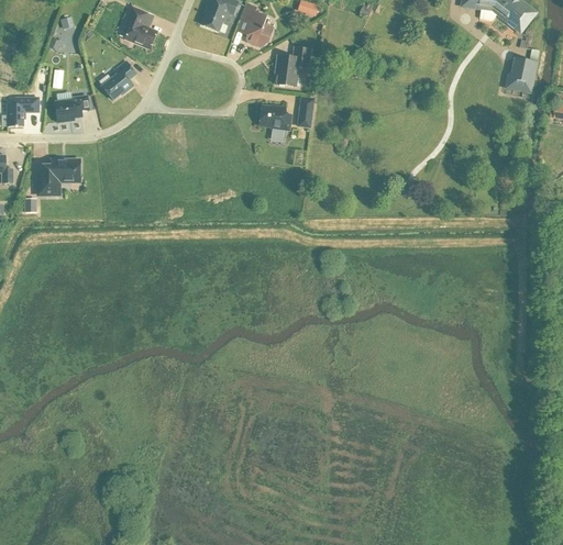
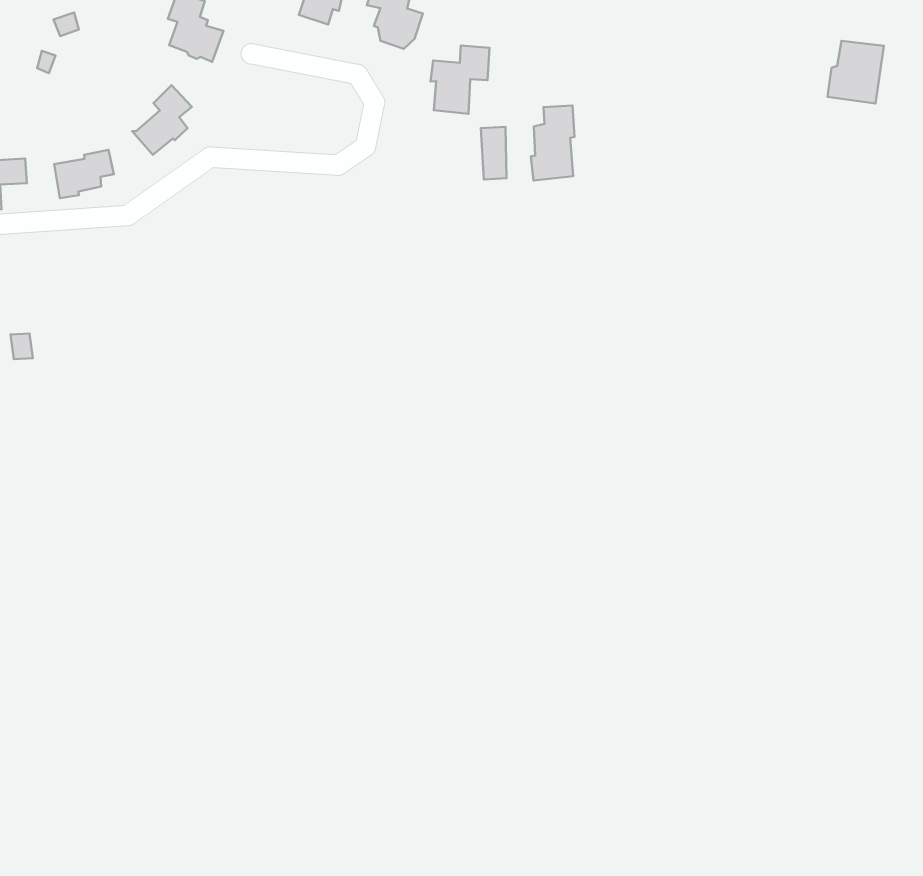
building: none -> [531,105,574,180]
building: [258,105,291,130] -> none
building: [37,158,80,194] -> none

